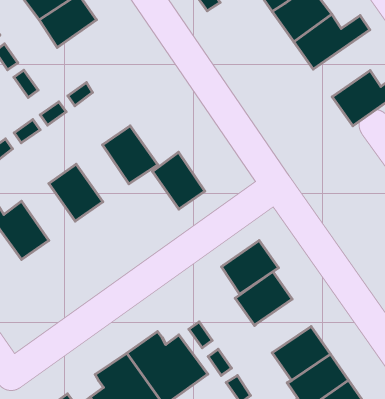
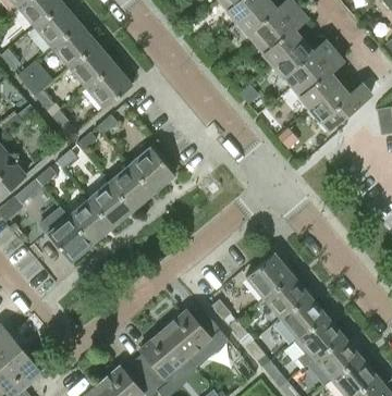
building: none -> [85,63,133,109]
building: none -> [292,51,342,108]
building: [152,152,205,209] -> [109,163,152,209]
building: none -> [68,198,112,244]
building: [222,240,278,294] -> [264,273,309,318]

